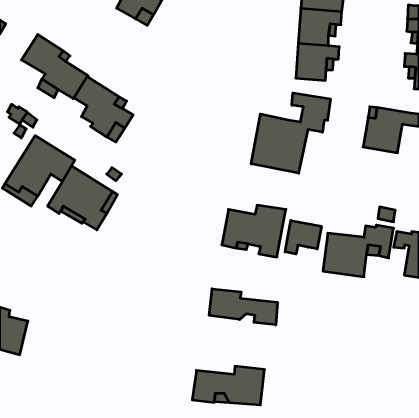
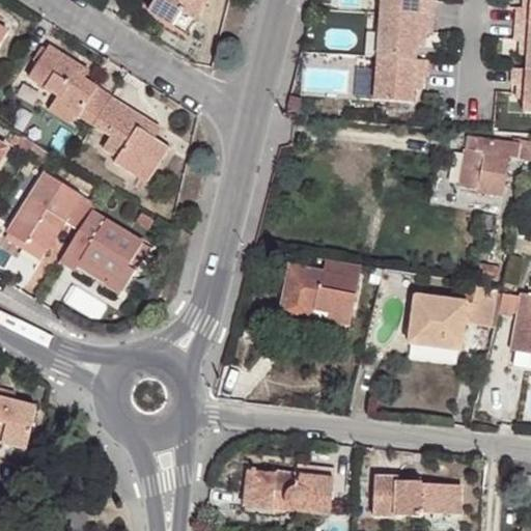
building: [251,93,330,173] -> none
building: [285,220,321,254] -> none
building: [209,289,277,325] -> none
building: none -> [371,475,458,515]

